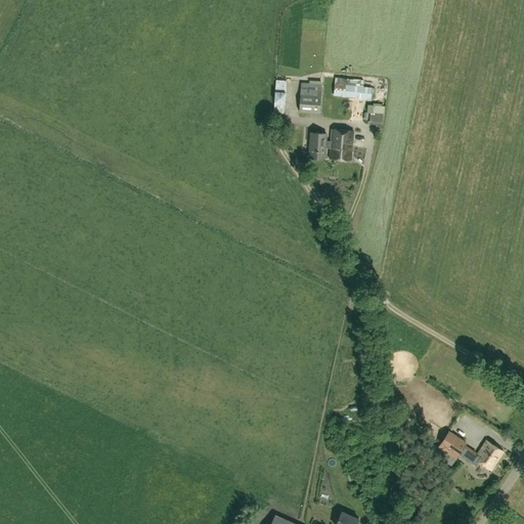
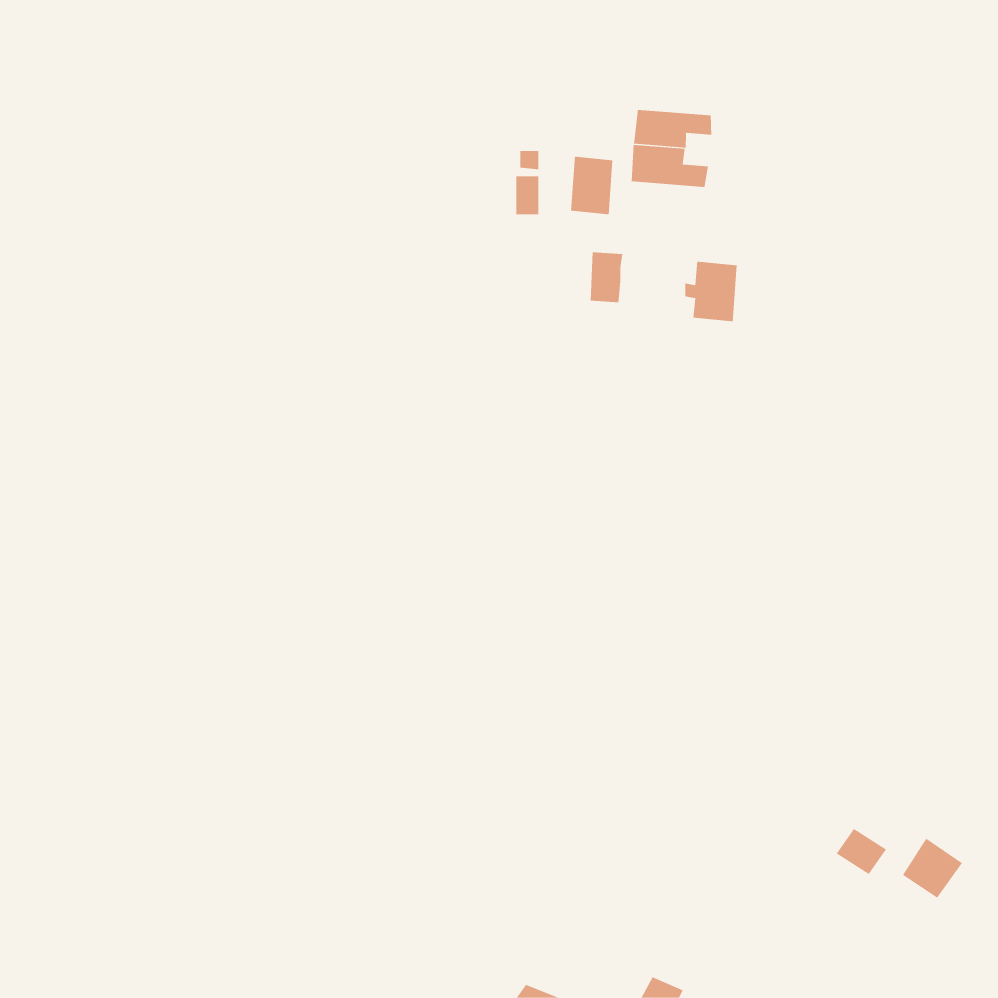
building: none -> [634,109,712,148]
building: [325,129,353,161] -> [685,261,737,322]

